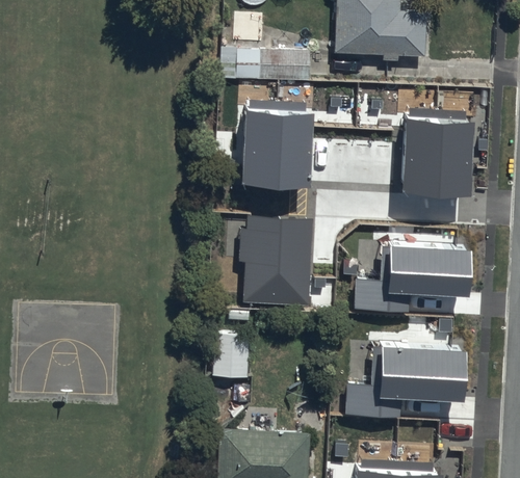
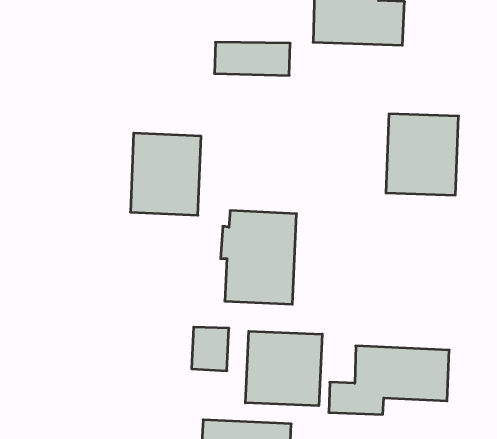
building: [242,108,313,190] -> [130,133,201,215]
building: [354,243,472,314] -> none
building: none -> [245,331,322,406]

